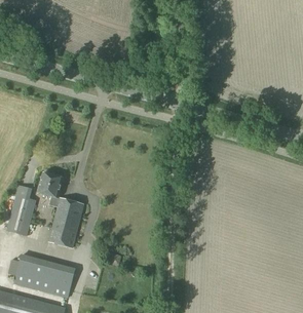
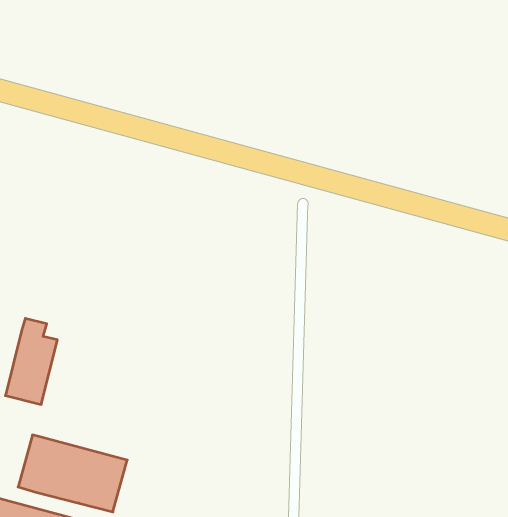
building: [37,170,84,246] -> none

